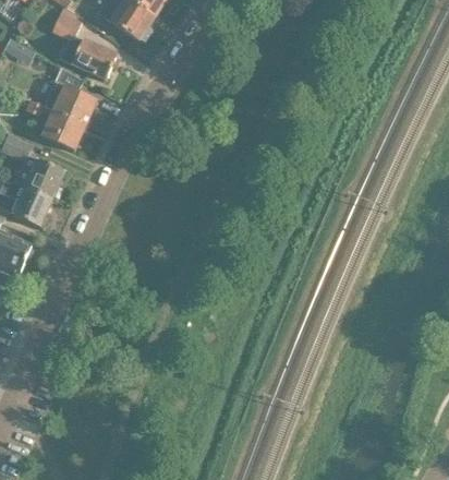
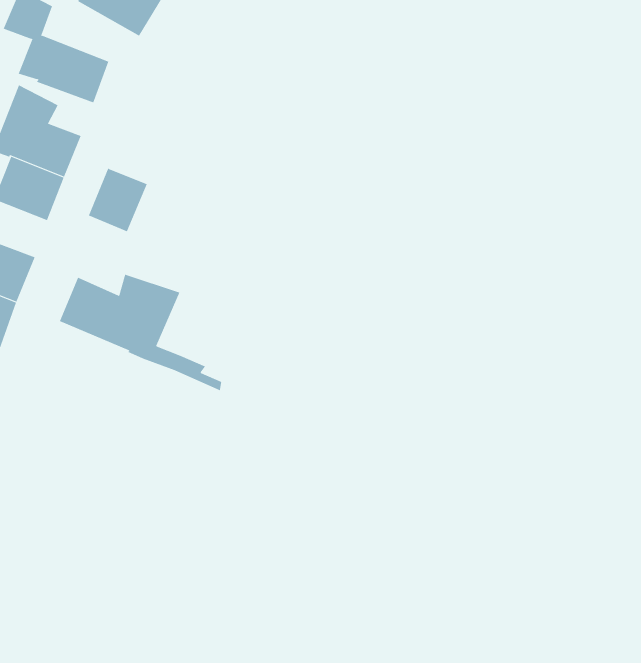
building: none -> [88,167,147,232]
building: none -> [59,274,222,391]

